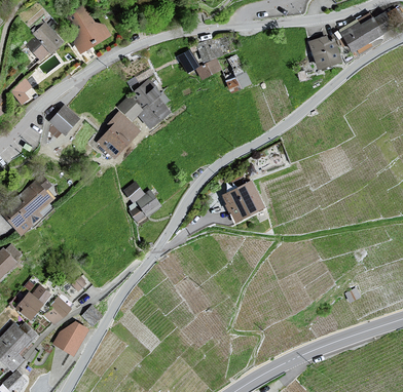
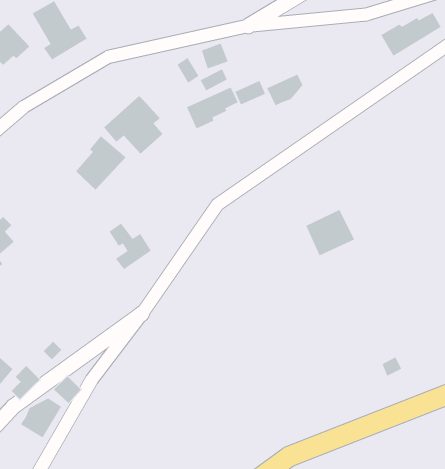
building: [309,36,340,69] -> none
building: none -> [266,74,303,107]
building: none -> [186,86,239,129]
building: [48,107,77,135] -> none
building: [223,183,263,221] -> [305,209,355,257]

